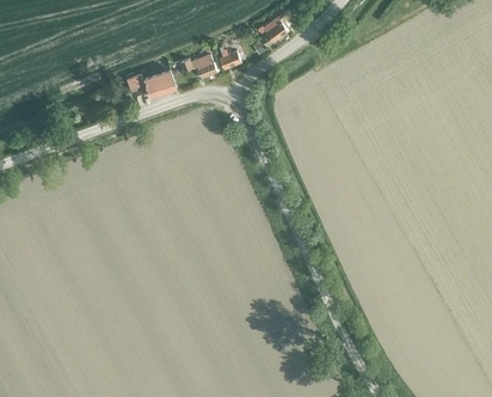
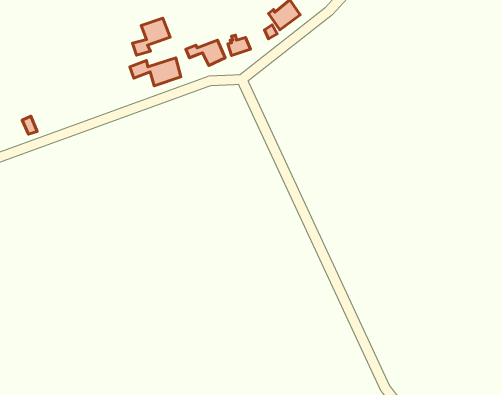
building: none -> [132,18,170,55]

